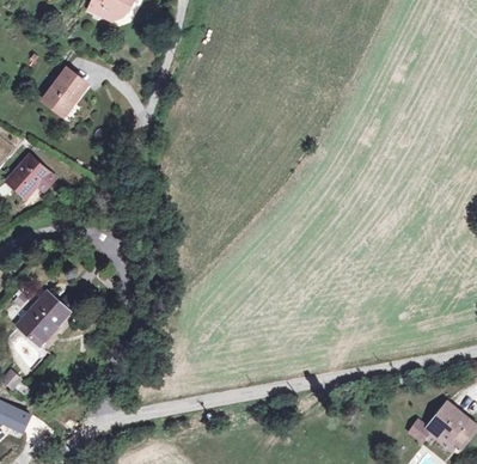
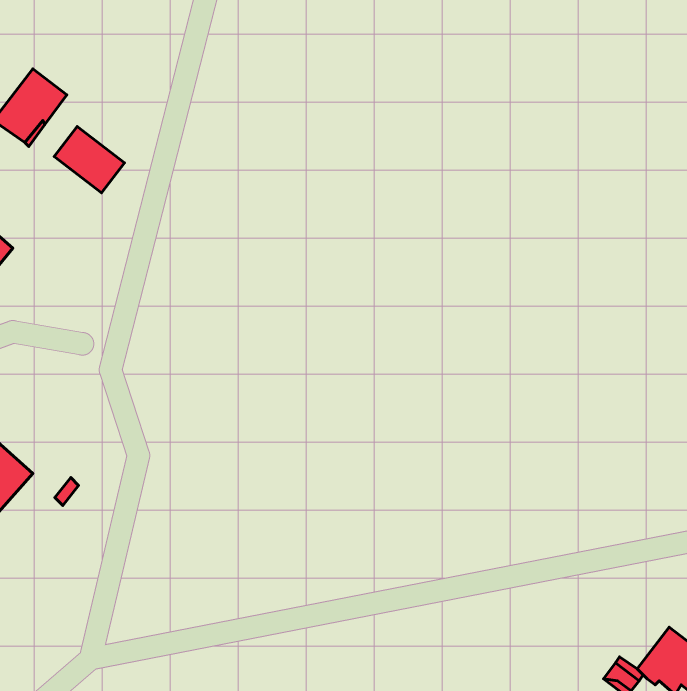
building: none -> [54,126,125,193]

